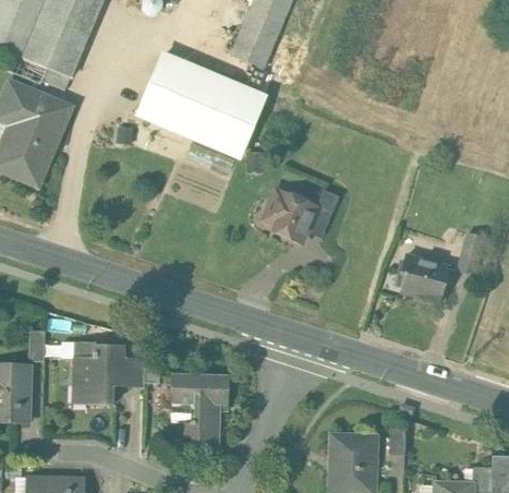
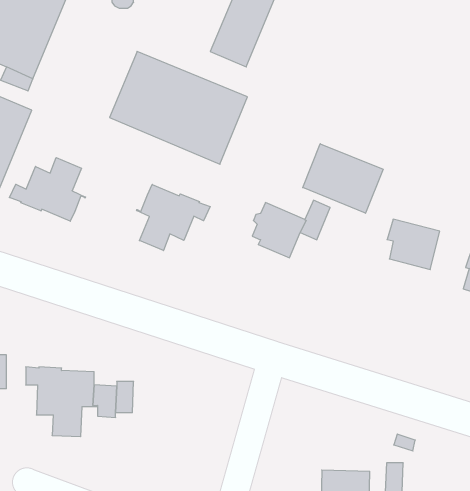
building: none -> [303,144,383,213]
building: none -> [9,158,86,221]
building: none -> [137,184,210,251]
building: [401,255,449,301] -> [387,219,440,270]
building: [171,373,229,444] -> none

